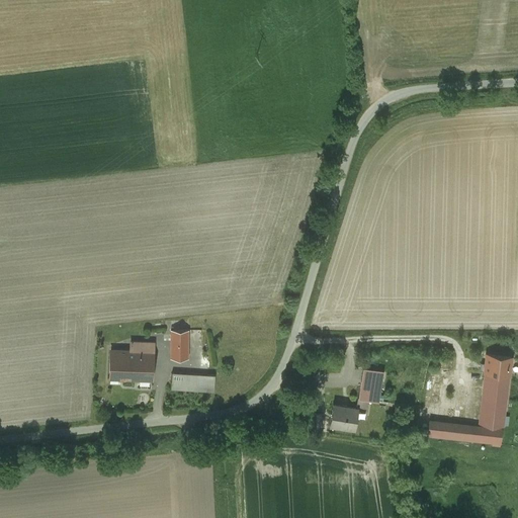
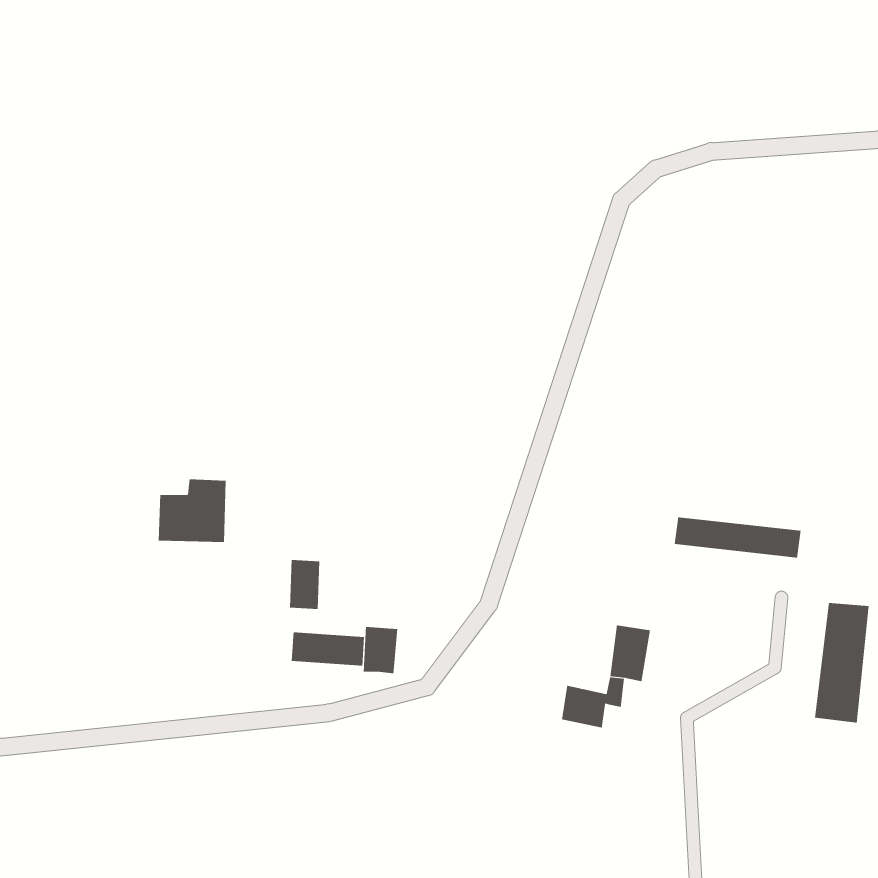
building: [113,342,154,379] -> [158,479,227,543]
building: none -> [363,626,398,674]
building: [428,421,503,445] -> [674,517,801,558]

